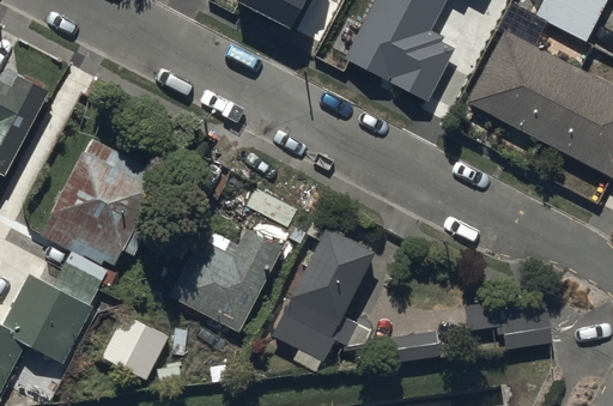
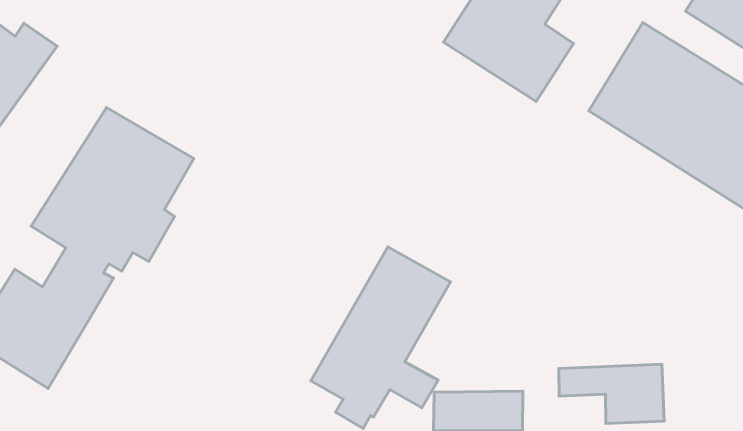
building: [168,225,281,329] -> none
building: [103,314,168,380] -> none

